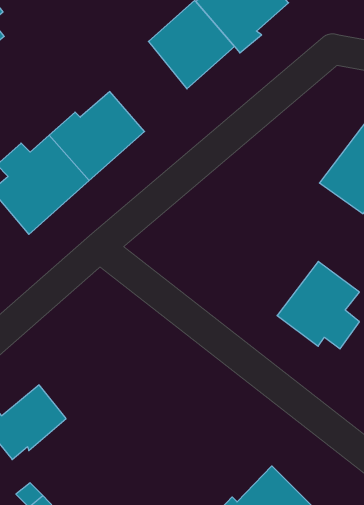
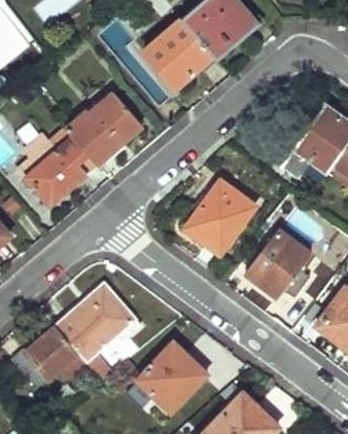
building: none -> [186,180,256,254]
building: none -> [56,286,141,361]
building: none -> [139,343,207,411]

